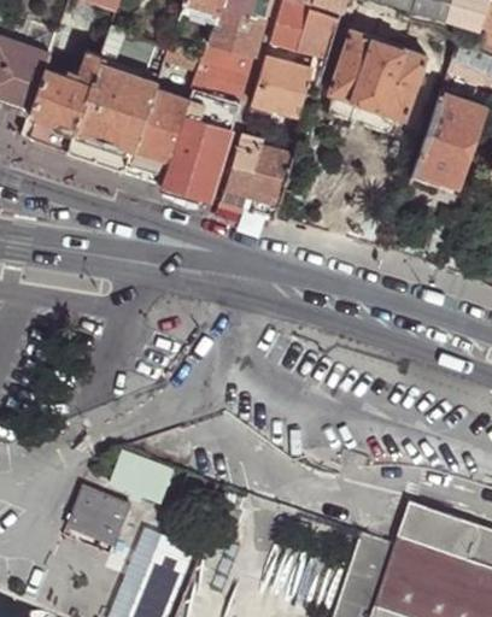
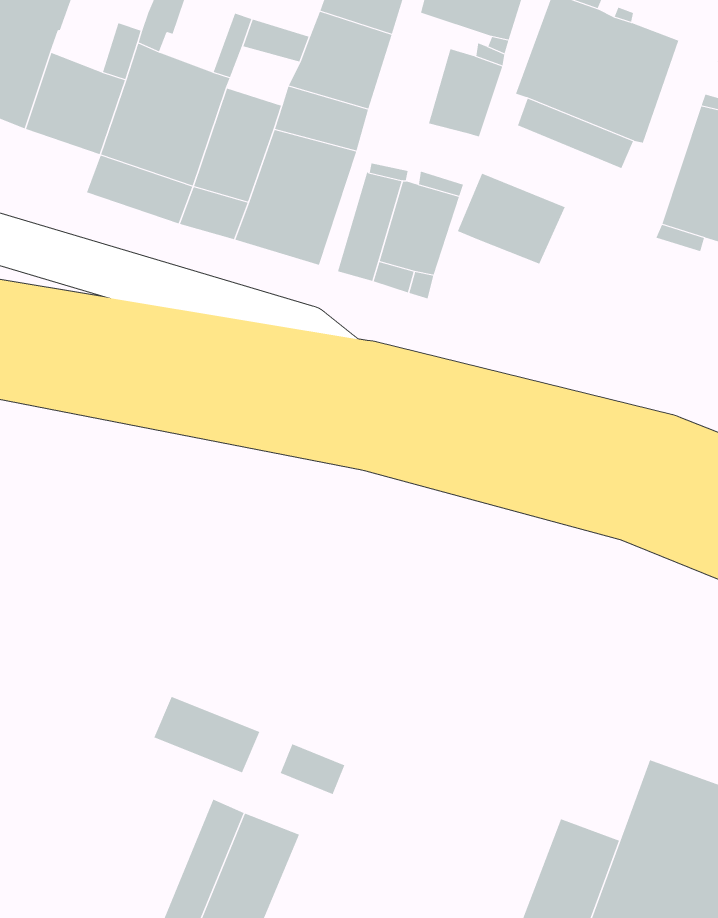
building: [250,57,288,110] -> none
building: none -> [457,173,566,264]
building: [63,493,125,548] -> none

